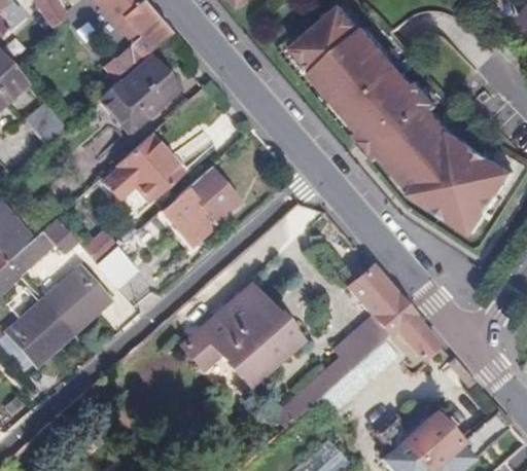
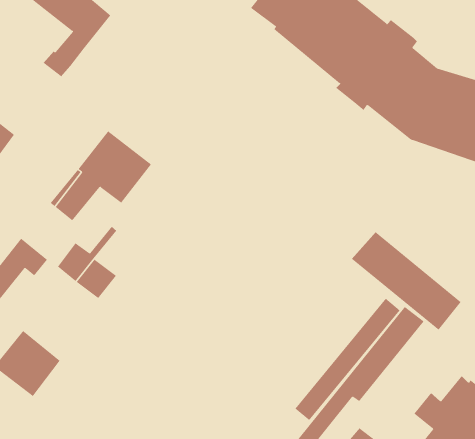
building: [97,60,177,134] -> none
building: [161,170,236,246] -> none
building: [42,273,105,334] -> none
building: [180,285,298,386] -> none

